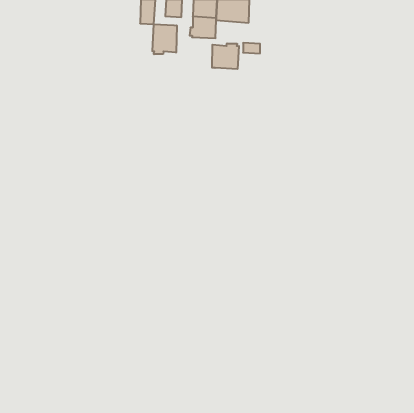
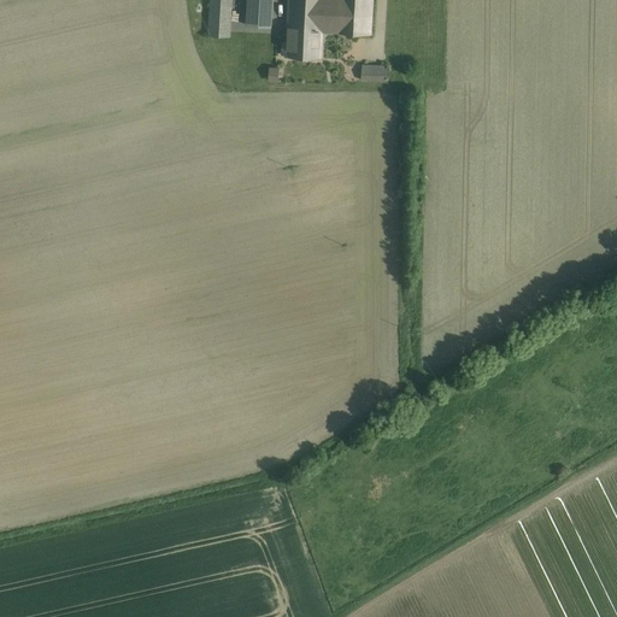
building: [152,24,177,54] -> none
building: [212,43,239,69] -> none

